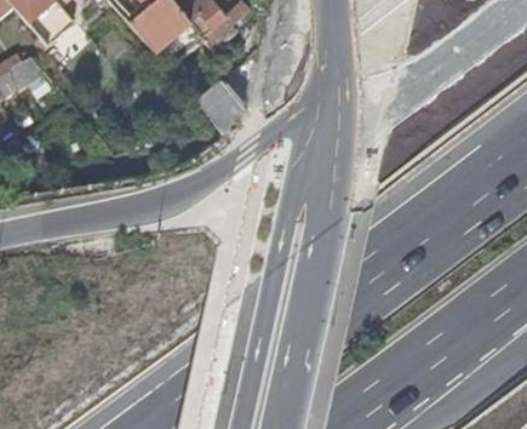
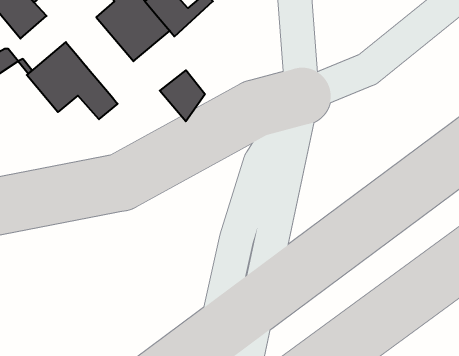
building: none -> [27,42,118,119]

